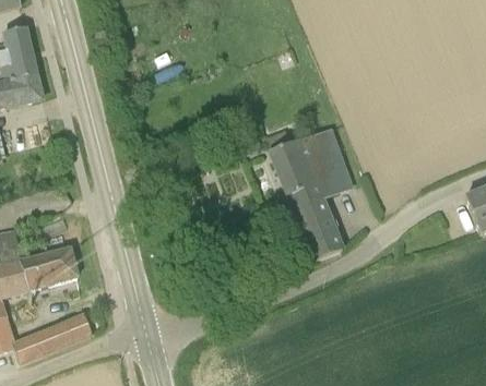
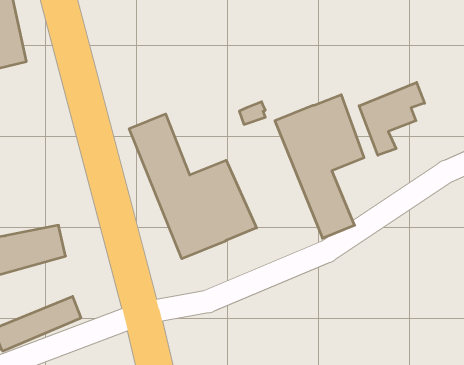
building: none -> [359,82,425,155]
building: none -> [129,114,257,259]

